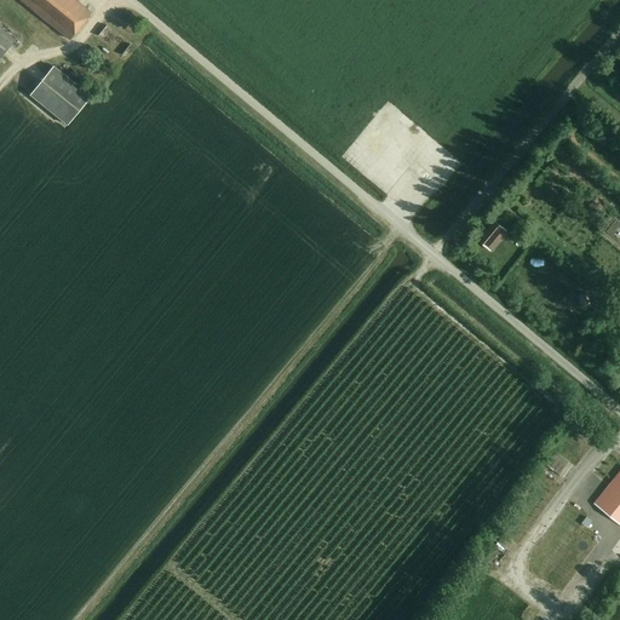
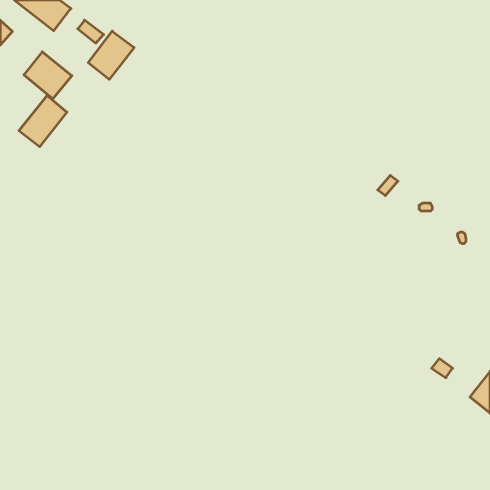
building: none -> [88,31,134,79]
building: none -> [19,96,67,147]

